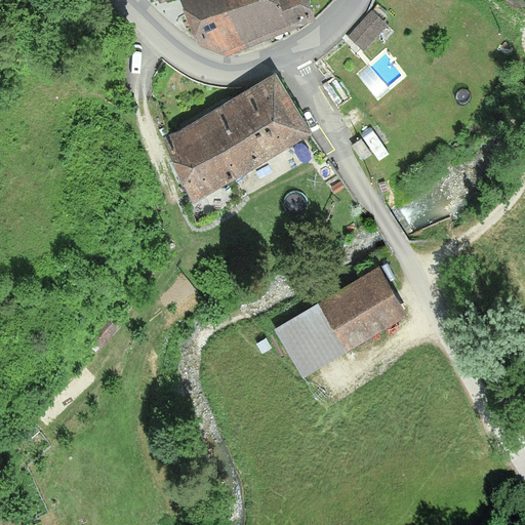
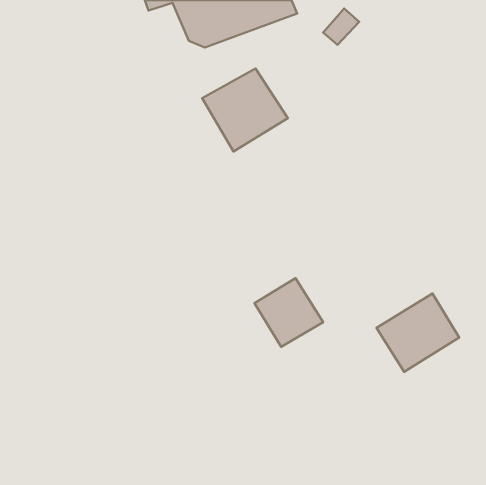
building: [162,108,251,201] -> none
building: [318,265,407,349] -> [376,294,459,372]

